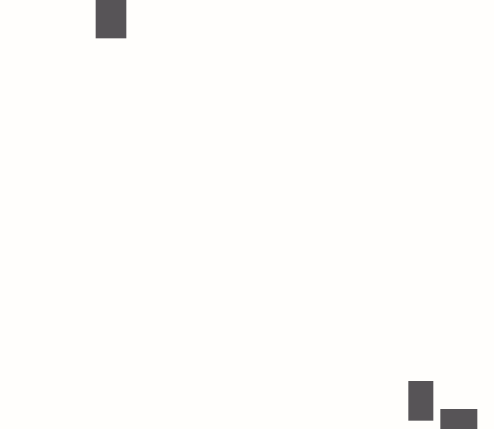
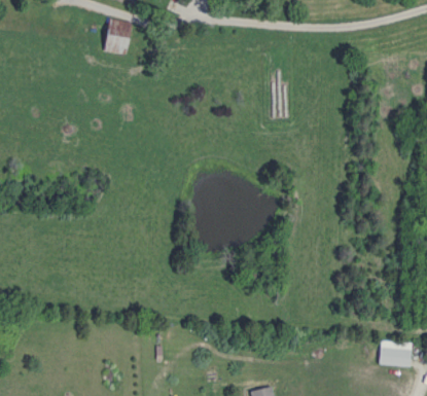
building: [408,380,434,421] -> none

